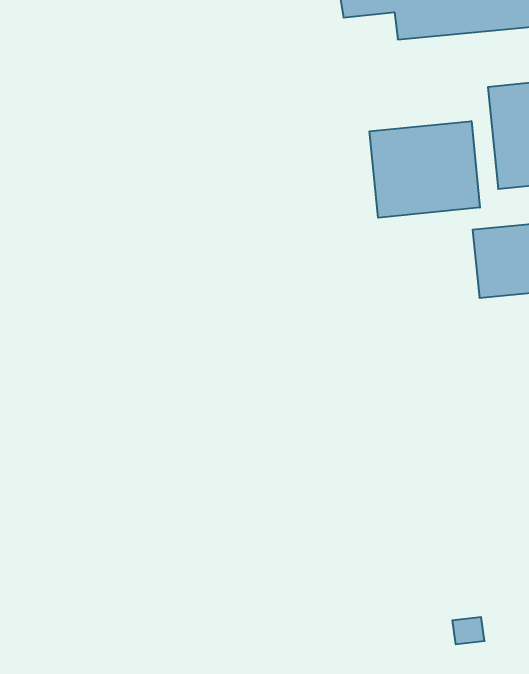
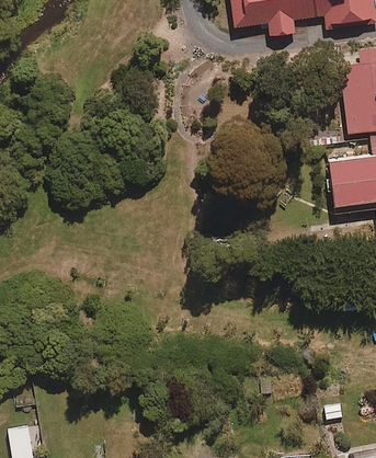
building: [370,121,480,218] -> none

